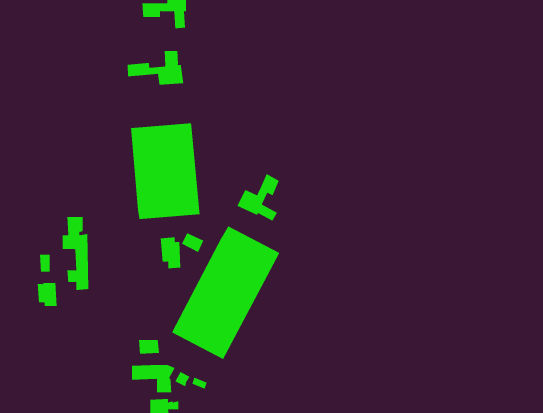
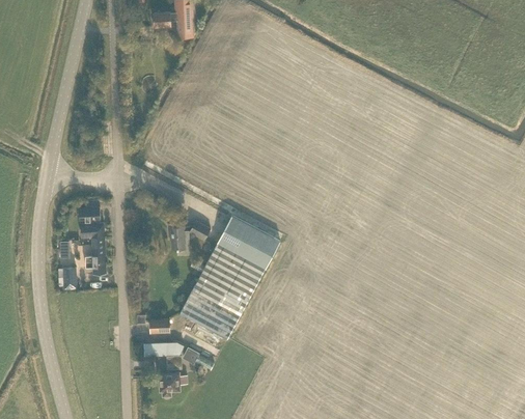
building: [127,50,184,85] -> none
building: [131,123,200,220] -> none
building: [236,173,280,222] -> none

